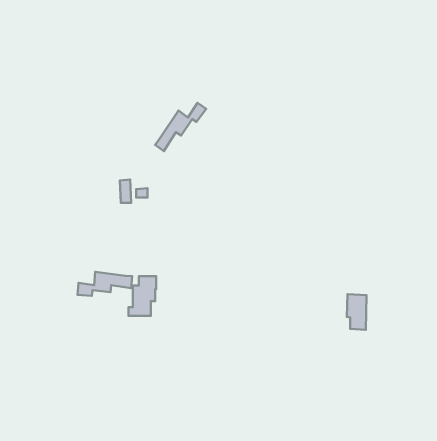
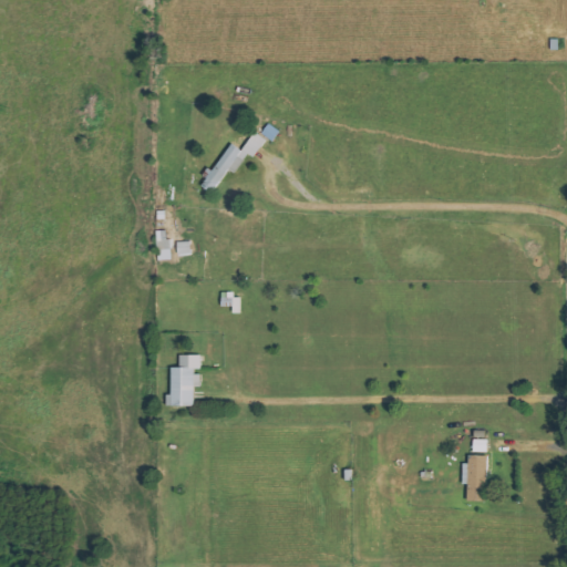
building: [77,272,132,296] -> none
building: [347,294,367,330] -> [462,455,487,501]

